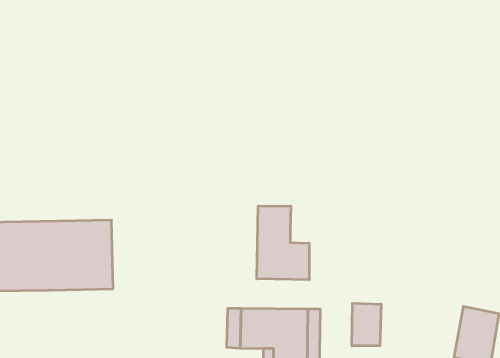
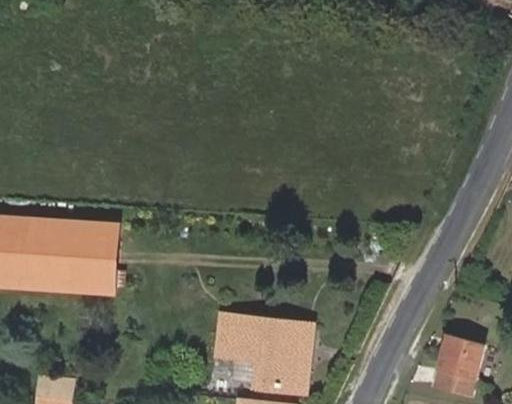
building: [257,206,309,280] -> none
building: [352,303,381,346] -> none

